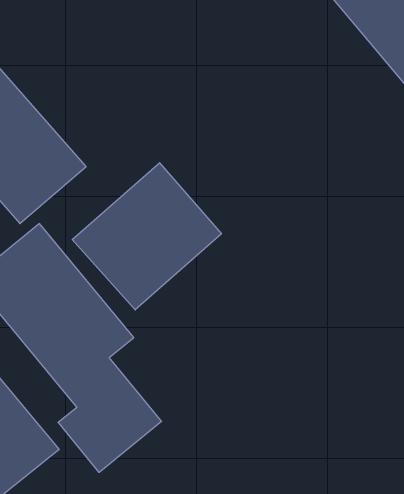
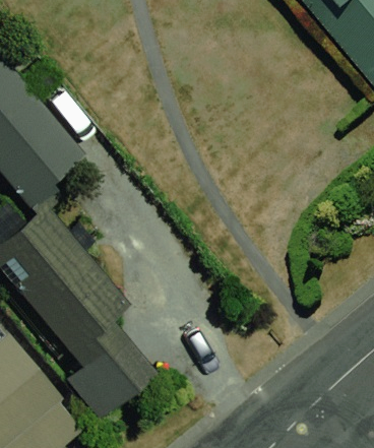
building: [72,163,221,310] -> none

